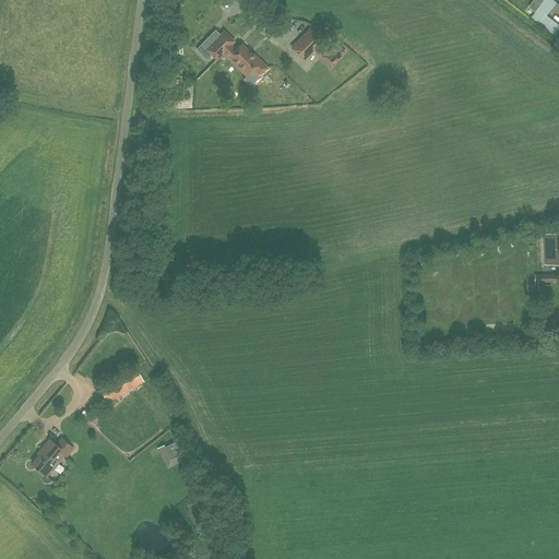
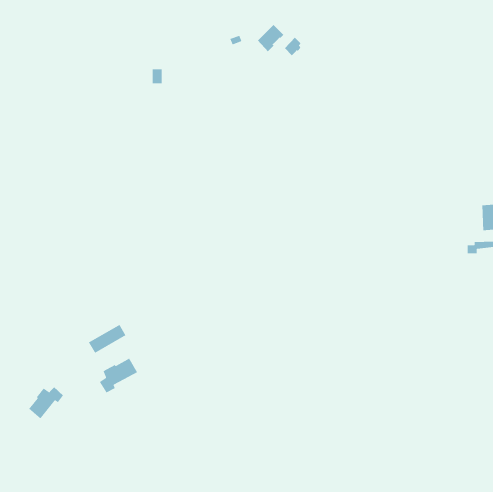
building: [205,31,265,74] -> none
building: none -> [99,358,138,394]

